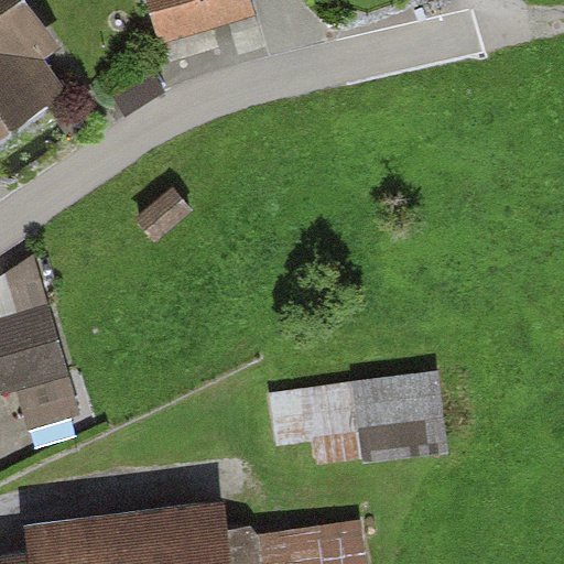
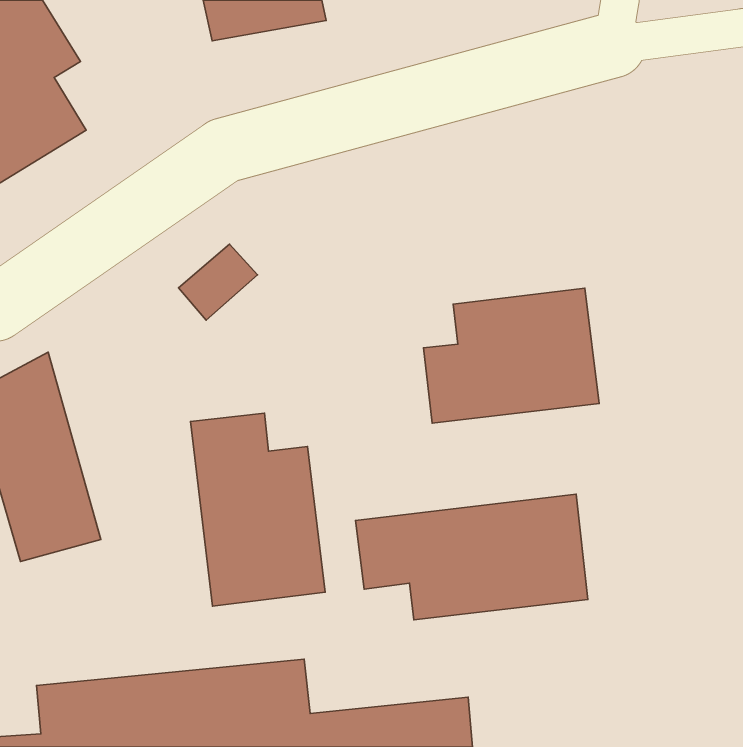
building: none -> [424,288,599,423]
building: none -> [190,413,325,606]

